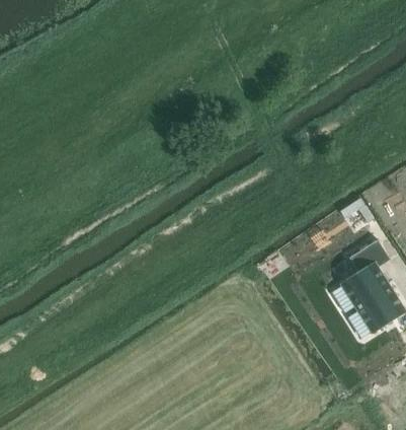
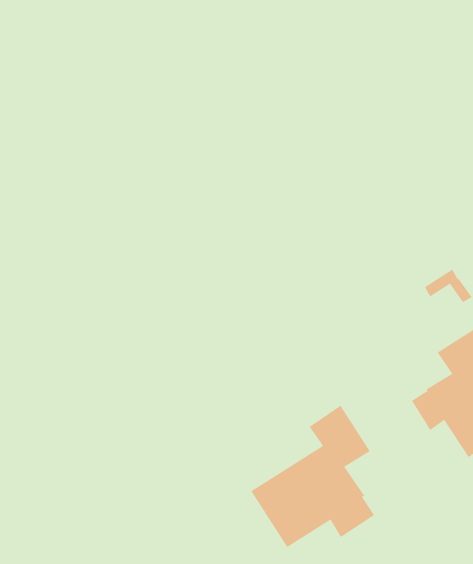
building: none -> [251,405,375,548]

